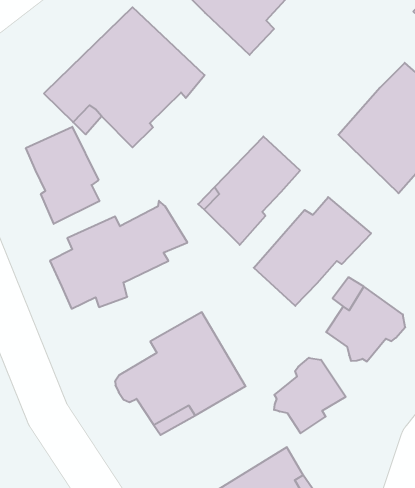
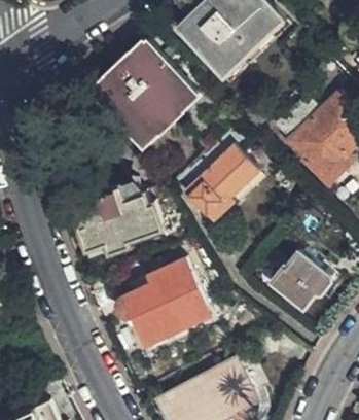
building: [26,127,99,224] -> none
building: [254,197,371,306] -> none
building: [274,358,346,433] -> none

